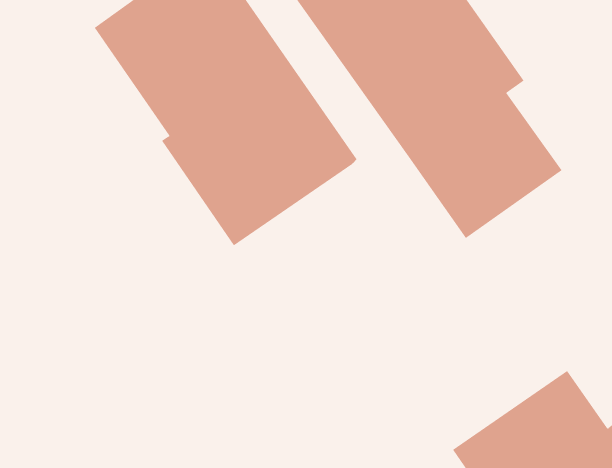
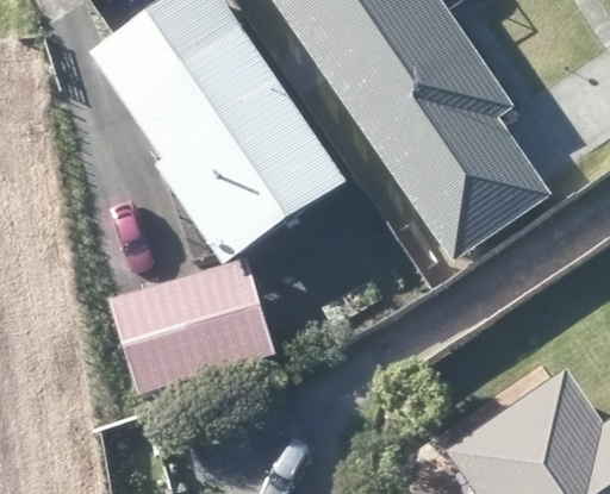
building: none -> [110,259,274,394]

